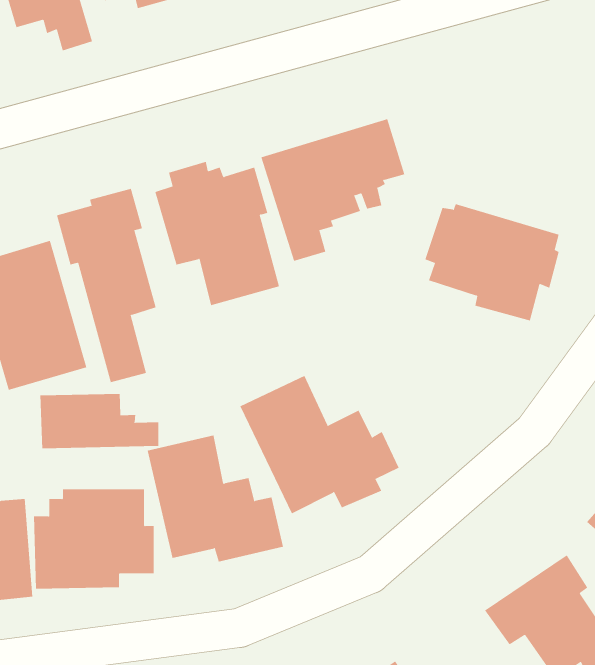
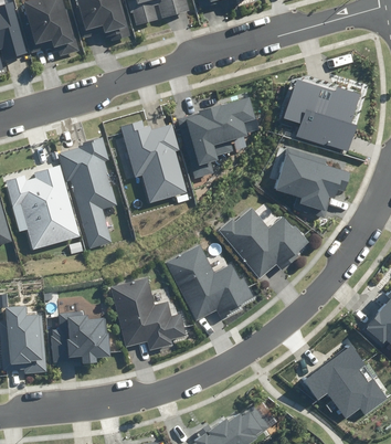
building: none -> [285,80,360,150]
building: none -> [220,208,311,279]
building: [40,393,159,449] -> none

